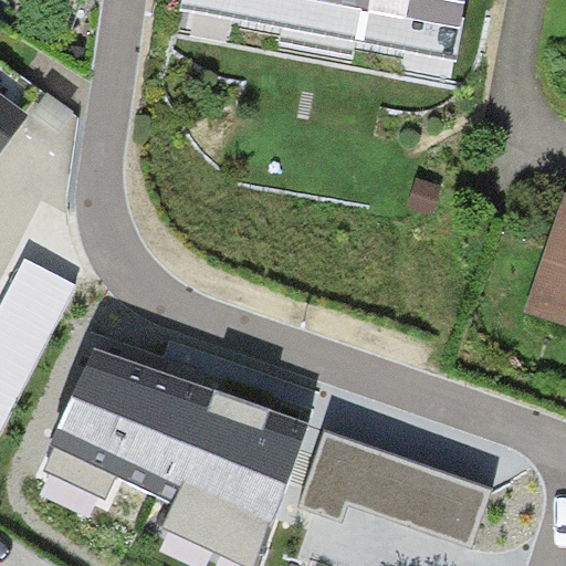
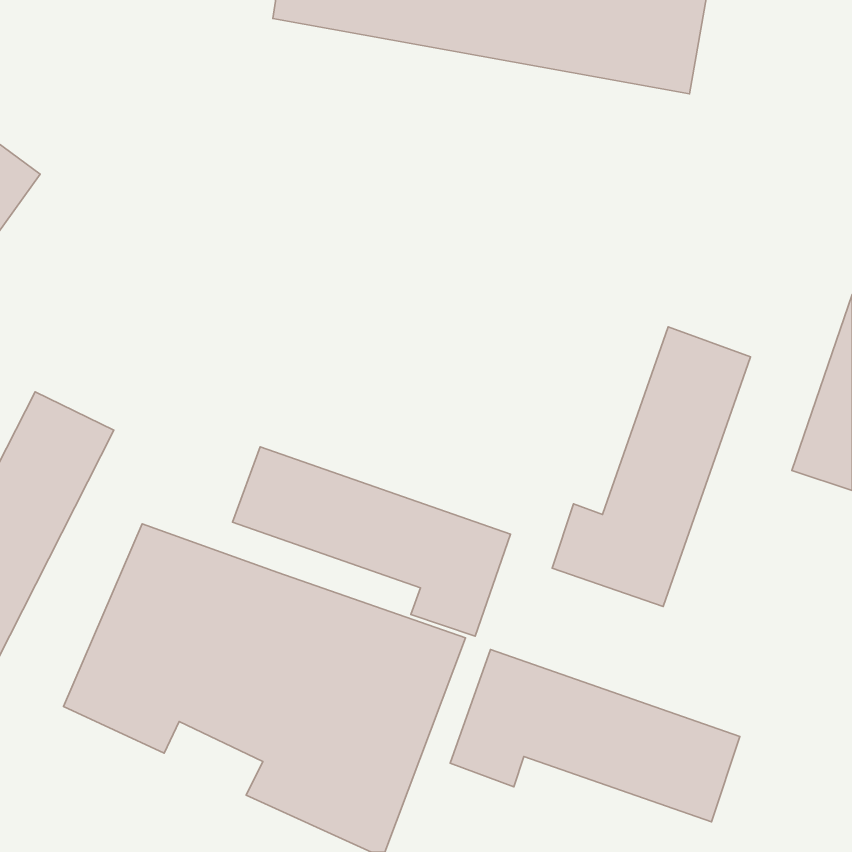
building: none -> [552,327,750,606]
building: none -> [233,447,510,636]

